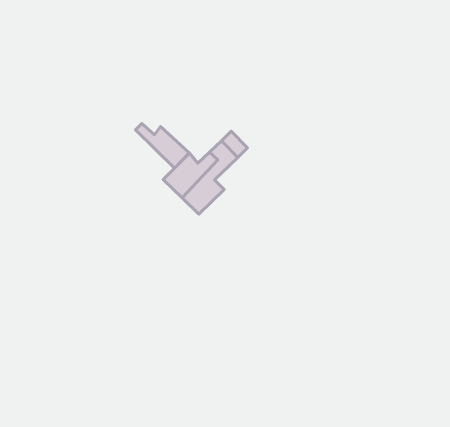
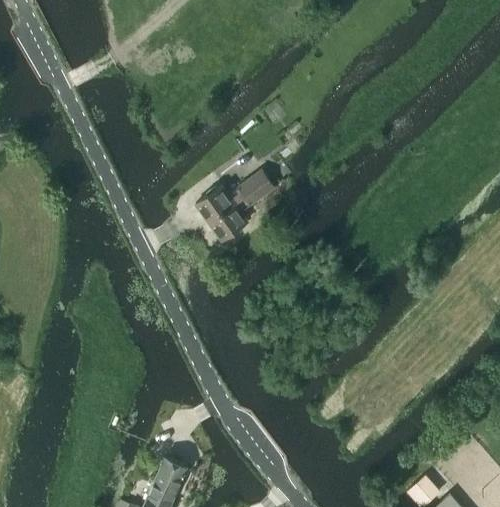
building: [135,123,189,168] -> none

